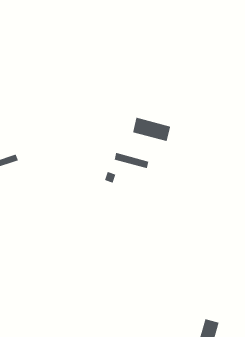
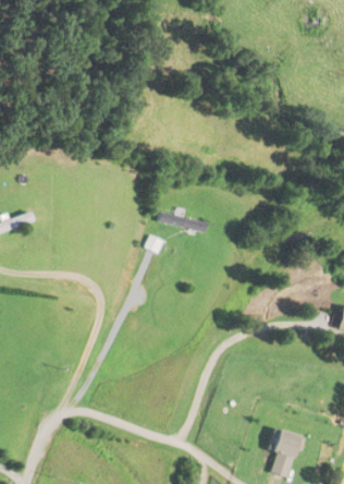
building: [133,117,171,142] -> none

